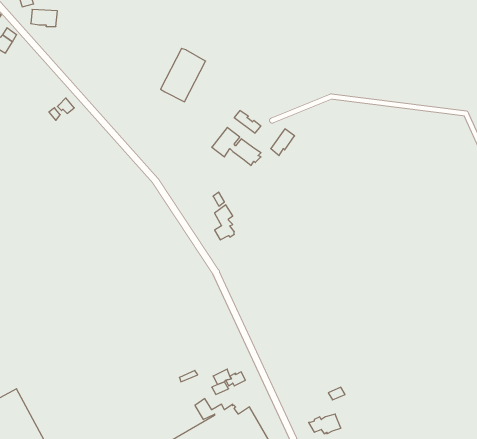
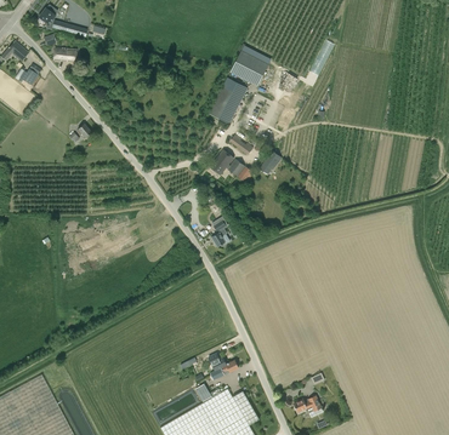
building: none -> [229,50,268,86]
building: [161,48,206,102] -> [208,78,246,124]

